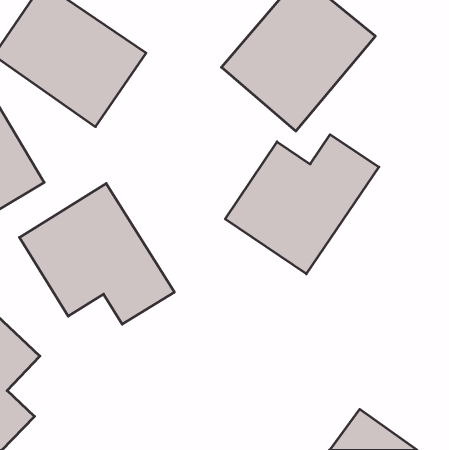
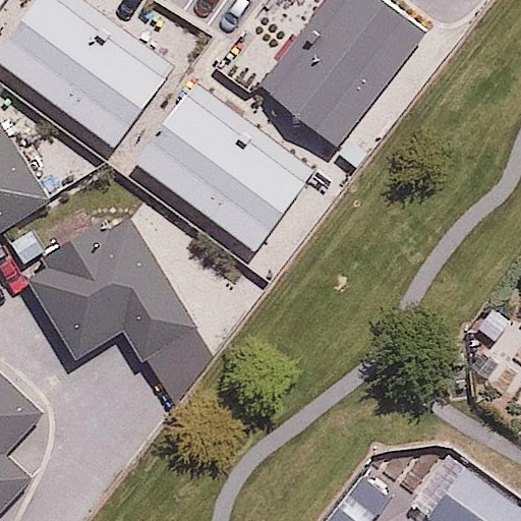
building: none -> [135,83,310,246]
building: [225,135,379,274] -> none

